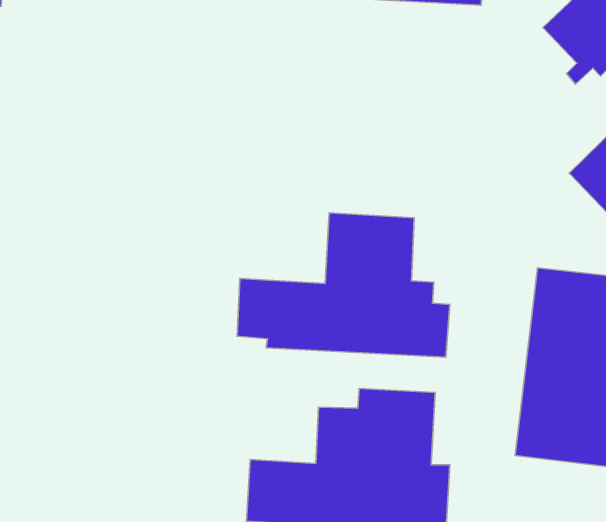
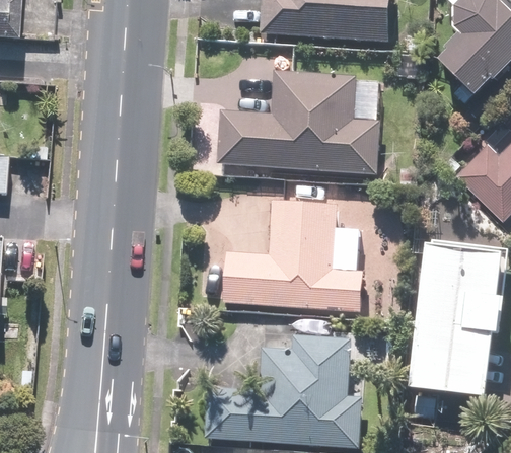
building: none -> [215,70,380,176]

